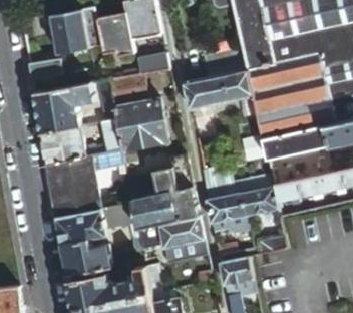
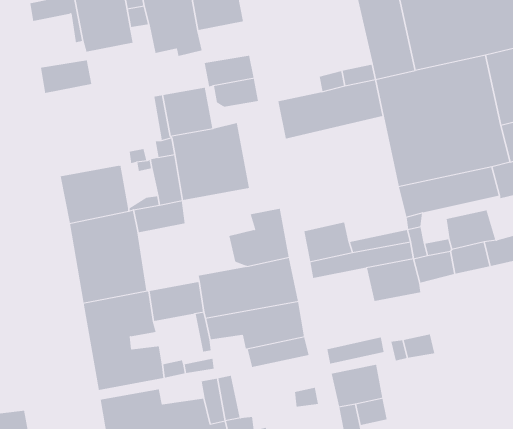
building: [34,84,96,134] -> none
building: [207,195,247,224] -> none

